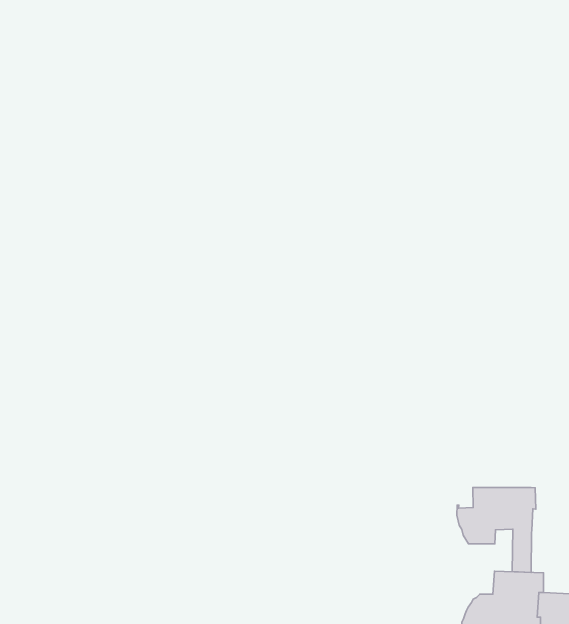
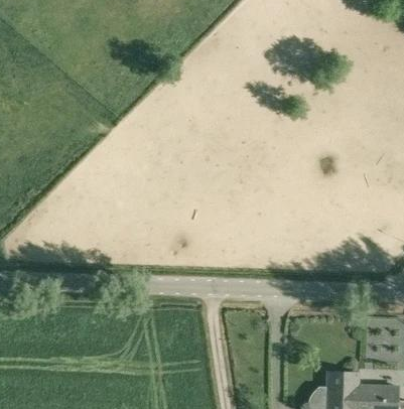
building: [457,488,536,572] -> none

